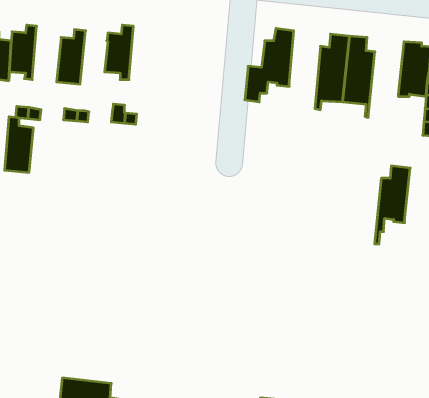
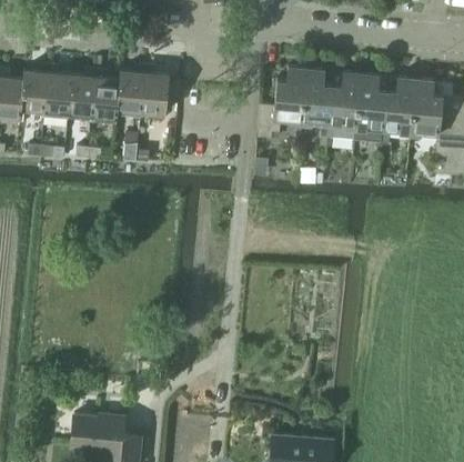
building: none -> [141,63,170,118]
building: none -> [92,68,120,123]
building: none -> [301,68,332,145]
building: [5,117,33,172] -> [44,63,73,119]
building: [375,166,410,244] -> [380,77,415,154]

